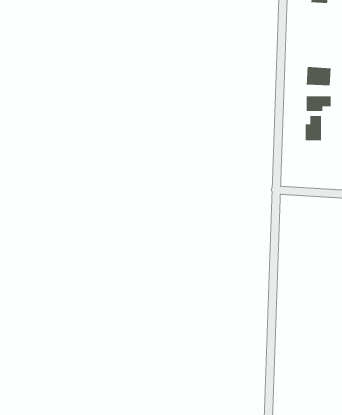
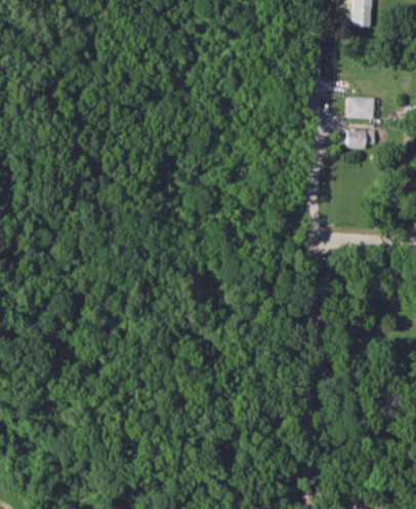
building: [305,115,322,141] -> none

